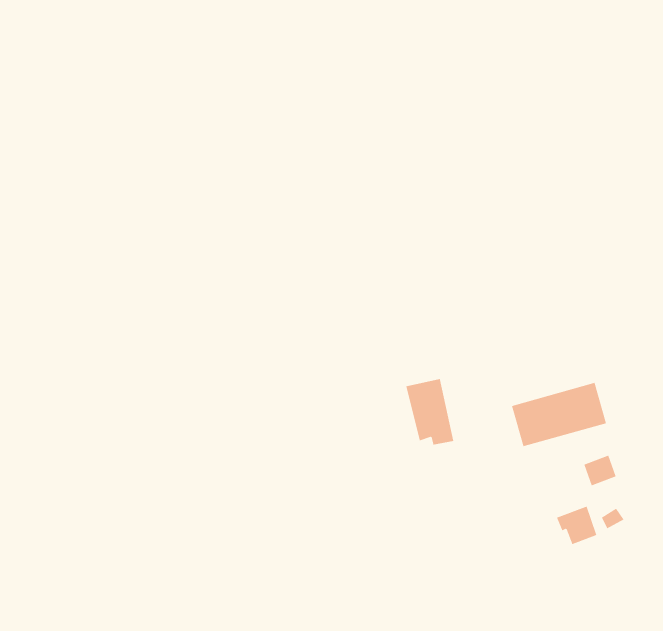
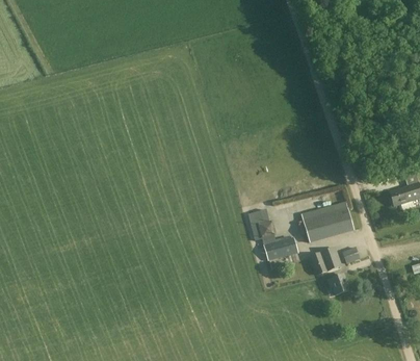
building: none -> [262,236,297,260]
building: none -> [310,248,340,275]

